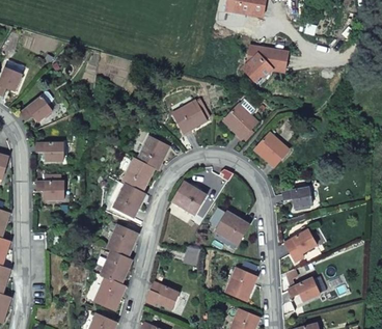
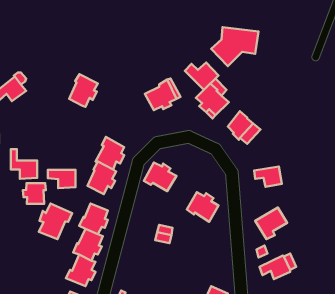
building: none -> [185,63,218,90]
building: [138,136,167,169] -> [69,74,98,107]
building: [35,143,63,162] -> [48,170,76,188]
building: none -> [23,183,46,204]
building: none -> [39,203,72,239]
building: [225,268,254,300] -> none
building: [145,274,178,309] -> none

